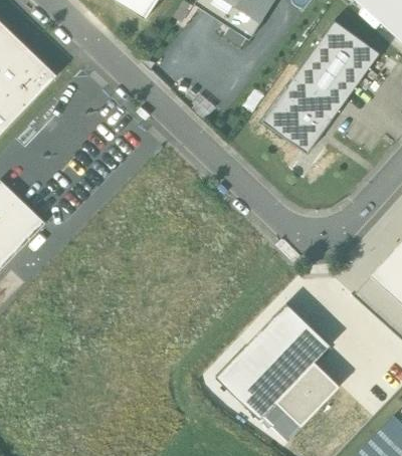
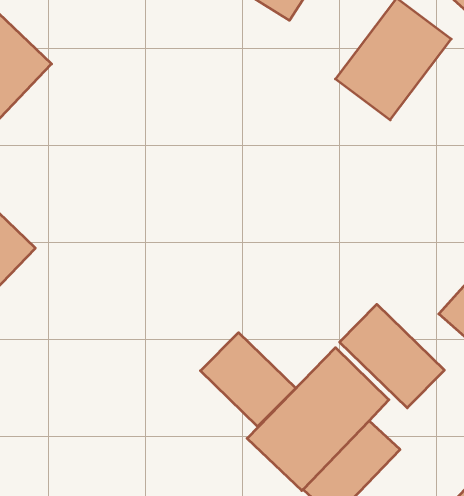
building: [261,86,331,153] -> none
building: none -> [340,304,444,408]
building: none -> [200,333,296,426]

